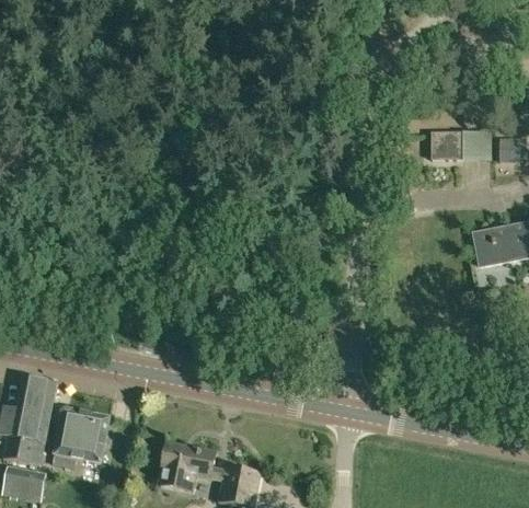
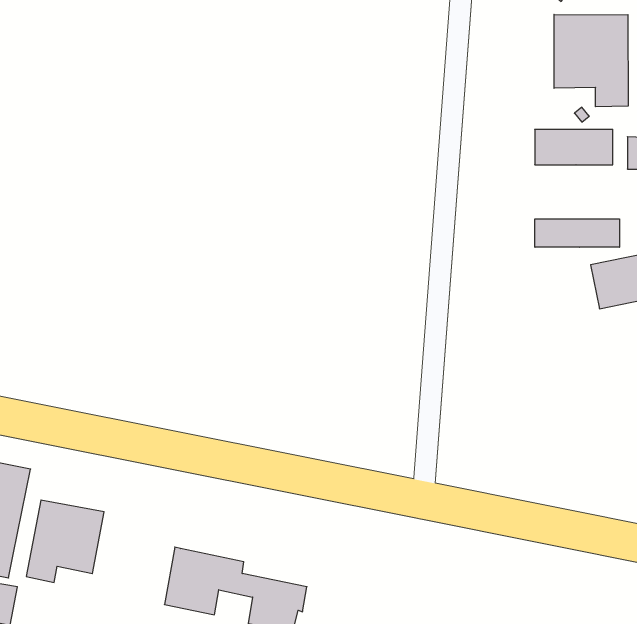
building: none -> [554,14,628,107]
building: none -> [535,219,619,247]

